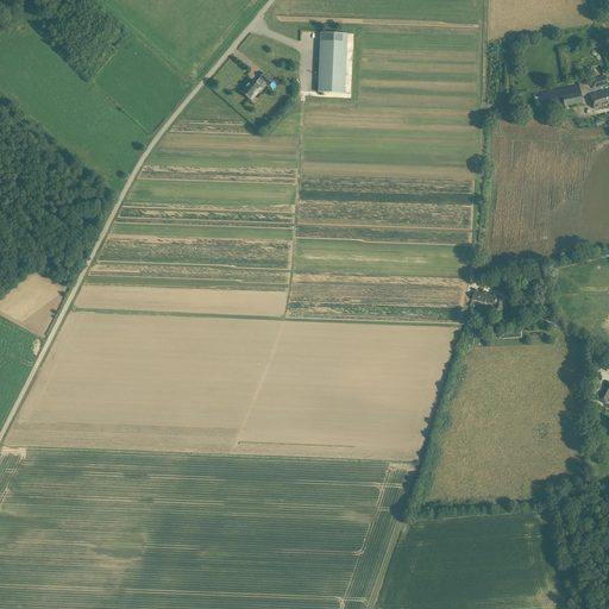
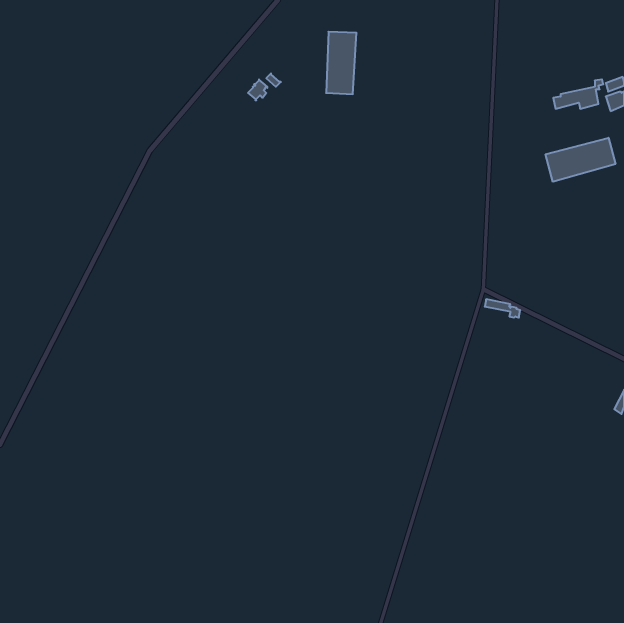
building: none -> [546,138,615,182]

